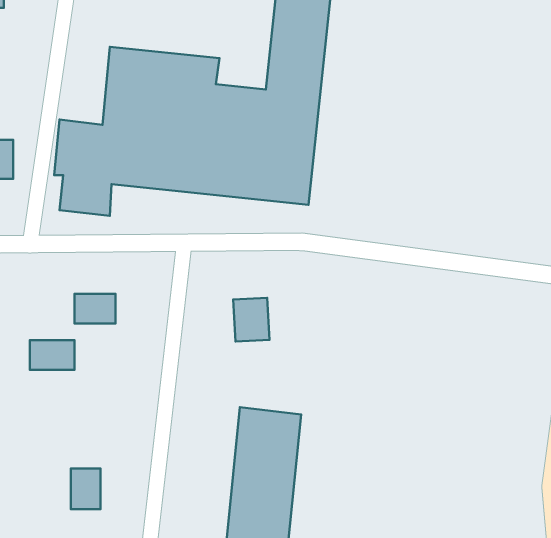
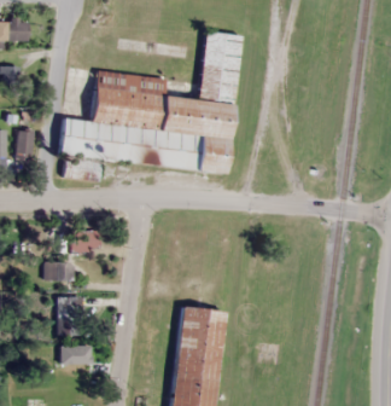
building: [233,298,270,342] -> none
building: none -> [57,296,80,334]

